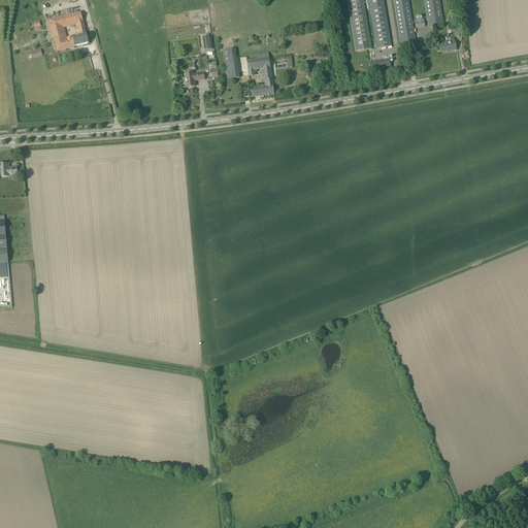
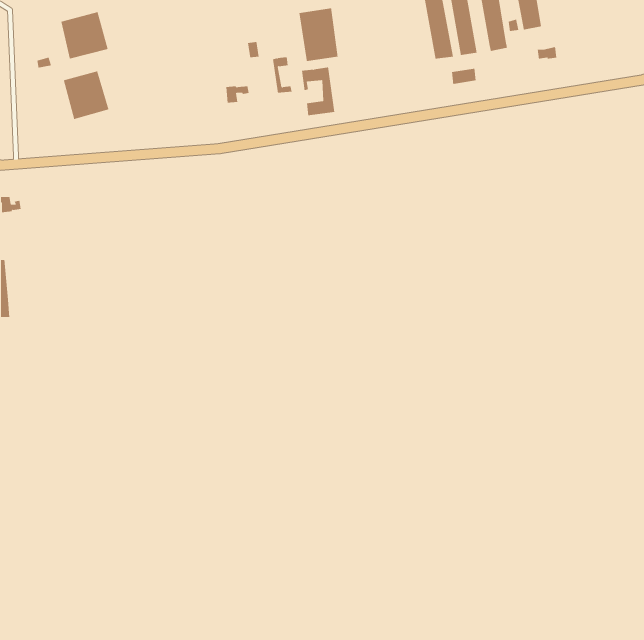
building: none -> [299,8,338,62]
building: none -> [63,71,109,120]

